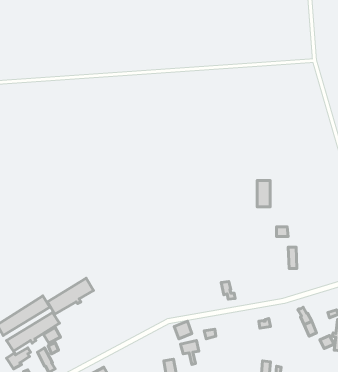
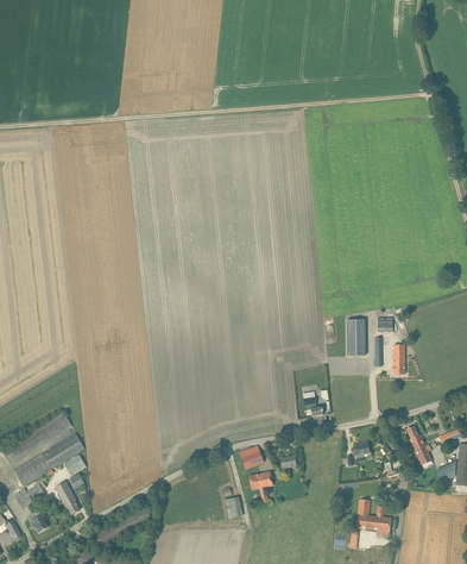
building: [257,180,270,207] -> [346,319,364,355]
building: [48,278,93,314] -> none

